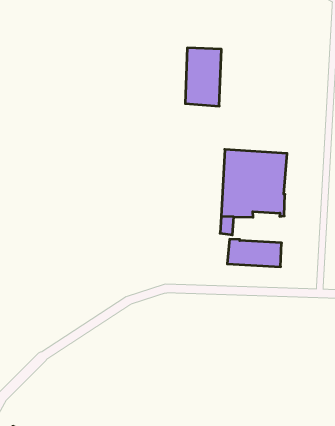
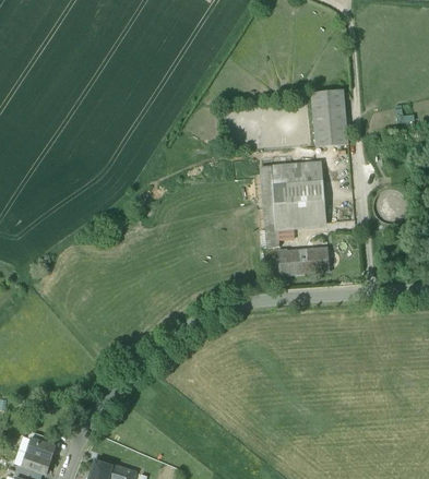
building: [185,48,221,106] -> [310,89,348,146]

